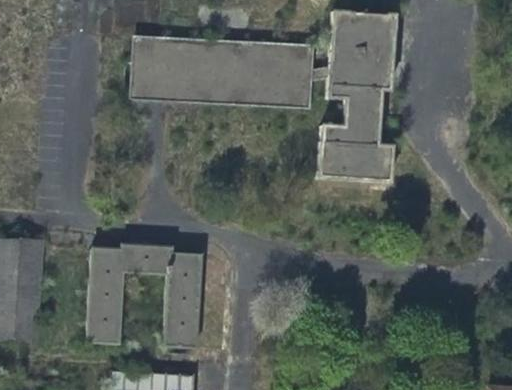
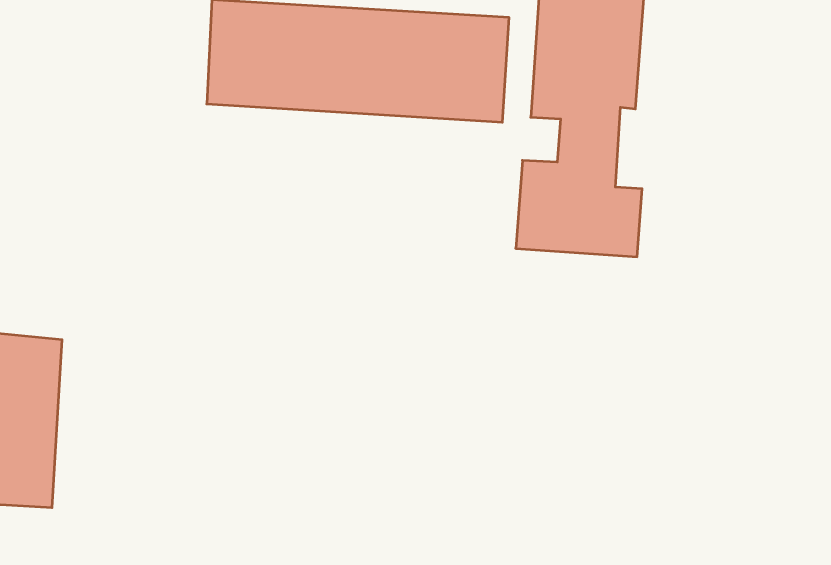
building: [87,243,203,347] -> none

